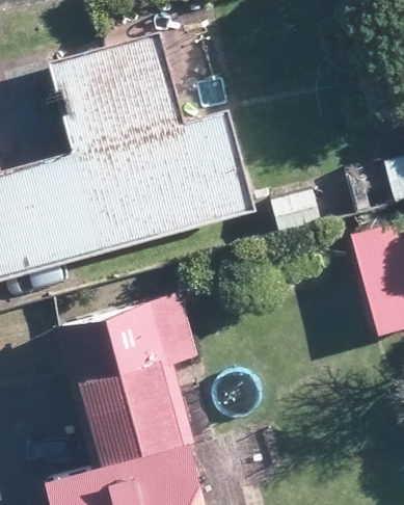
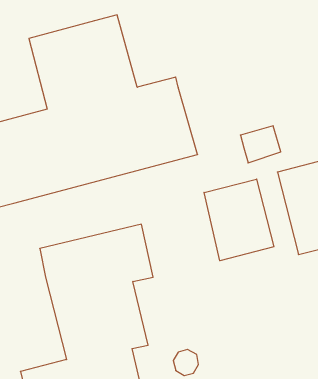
building: none -> [204,179,274,261]

